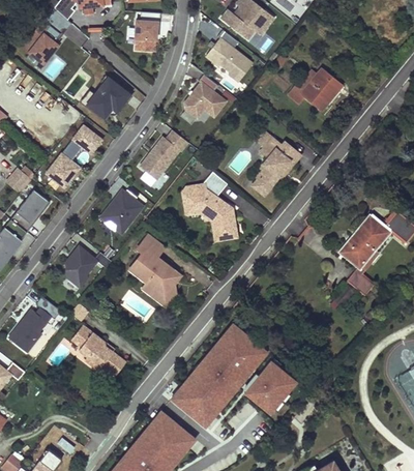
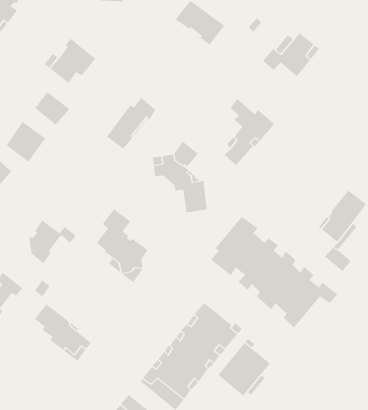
building: [184,81,226,117] -> none
building: [100,189,144,234] -> none
building: none -> [211,216,338,329]

